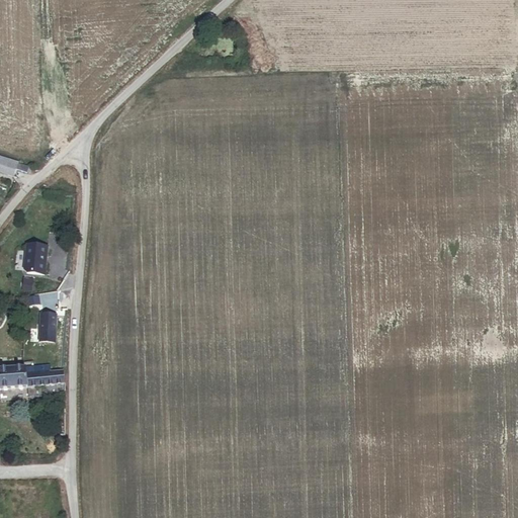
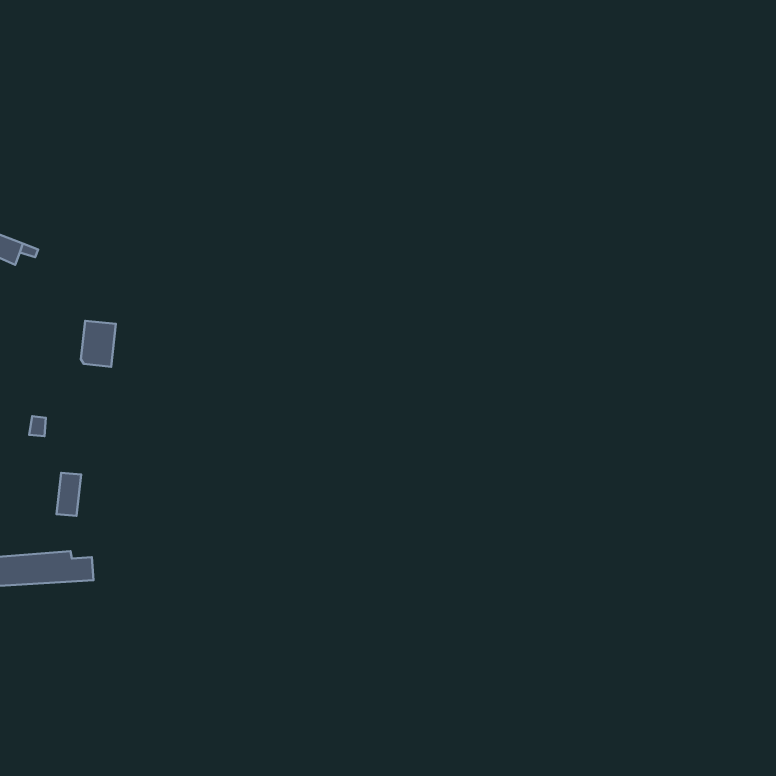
building: [22,242,46,272] -> [81,321,116,367]

